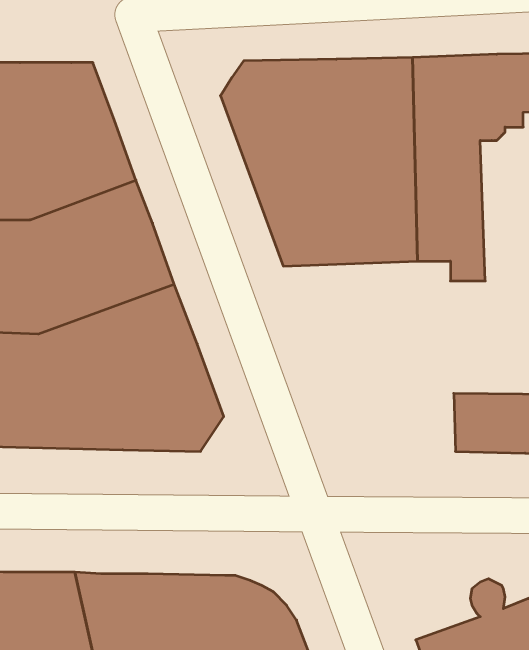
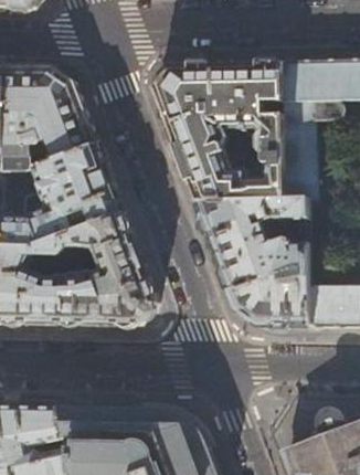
building: none -> [193,198,308,325]

